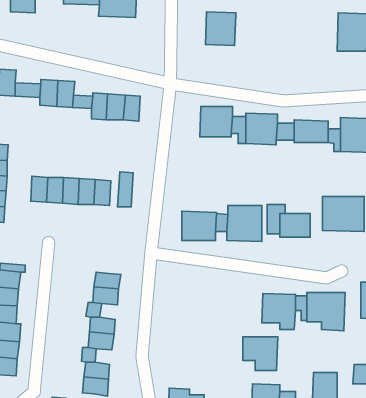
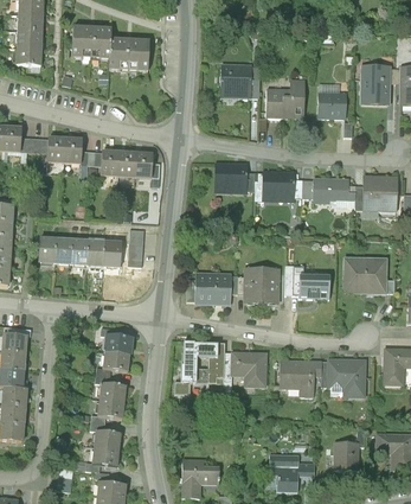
building: none -> [266,79,304,117]
building: none -> [317,91,347,120]
building: none -> [180,343,225,384]
building: [243,337,278,371] -> [231,352,268,388]

